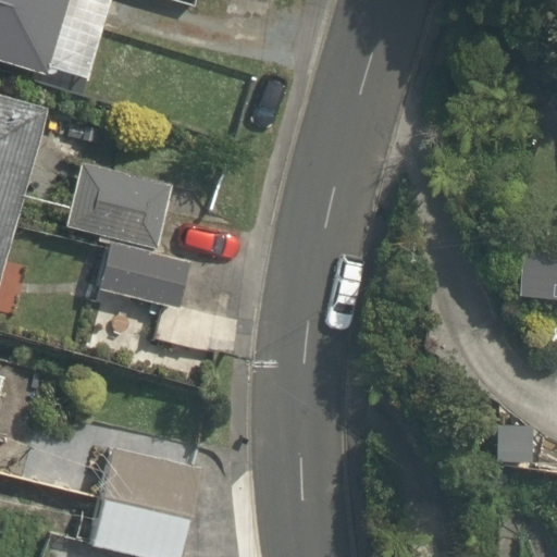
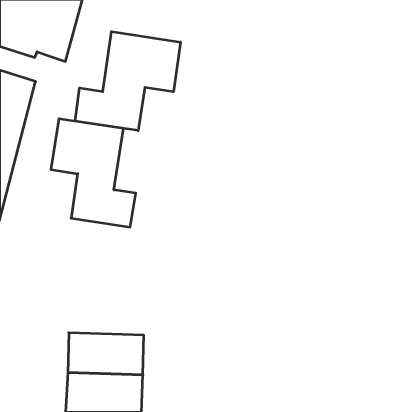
building: none -> [75,32,180,131]

